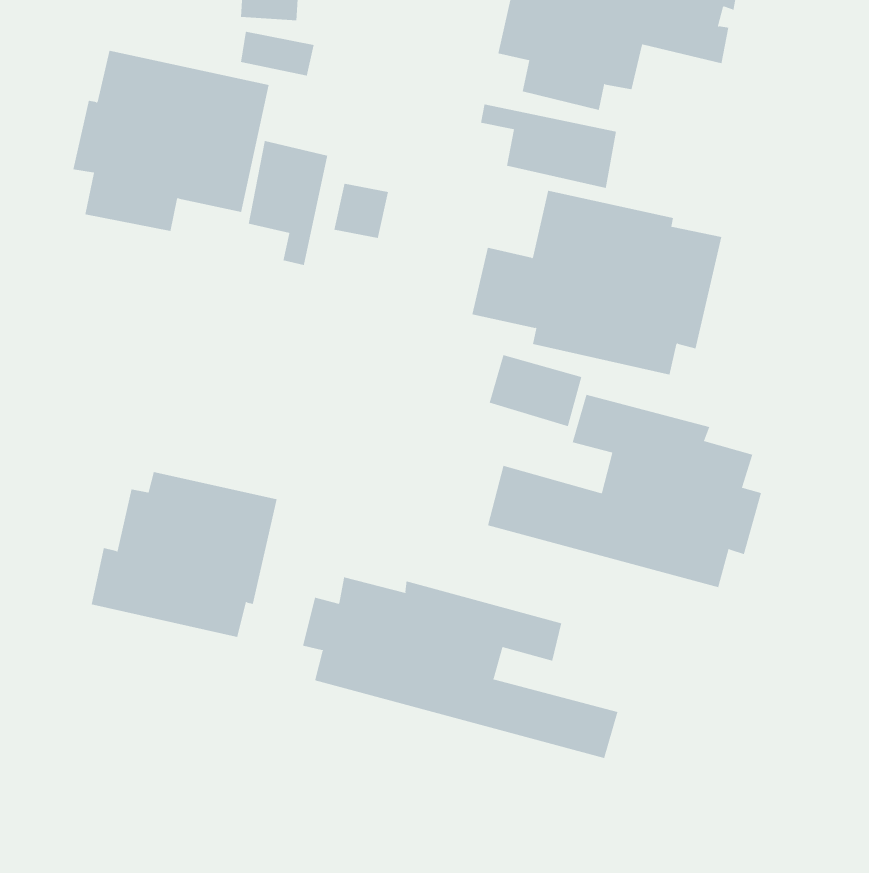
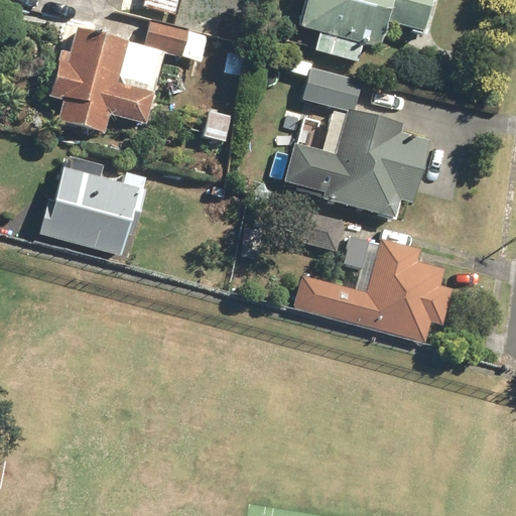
building: [248,140,328,266] -> none
building: [91,471,278,637] -> [36,158,145,255]
building: [302,576,618,759] -> none

